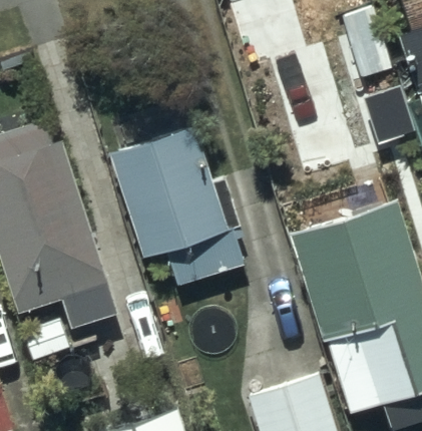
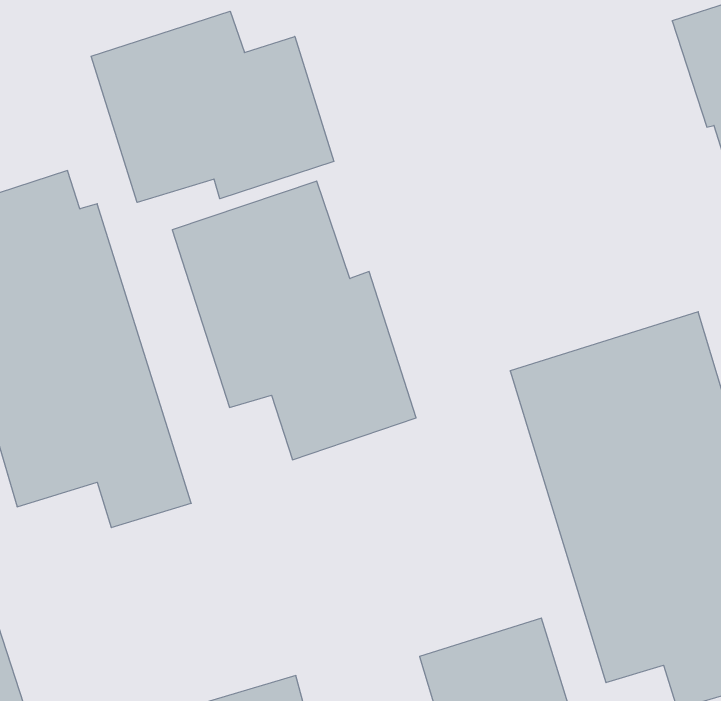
building: none -> [91,11,334,202]

